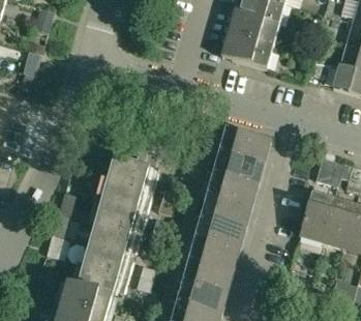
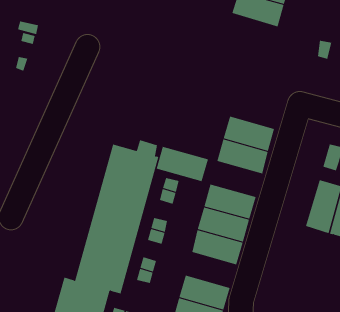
building: [221,30,282,65] -> none
building: [207,172,258,206] -> [156,146,209,182]
building: [183,259,233,293] -> none

